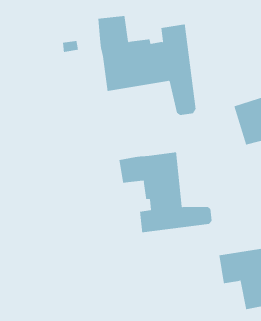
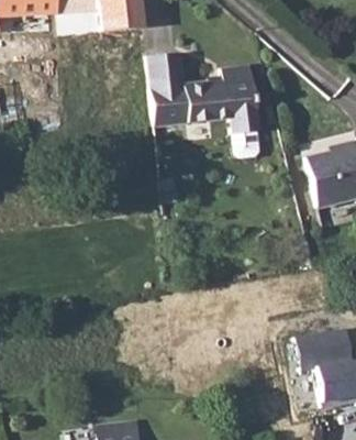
building: [119,152,212,233] -> none

